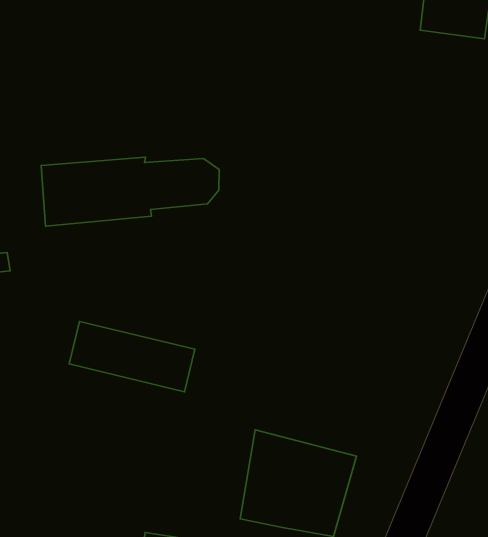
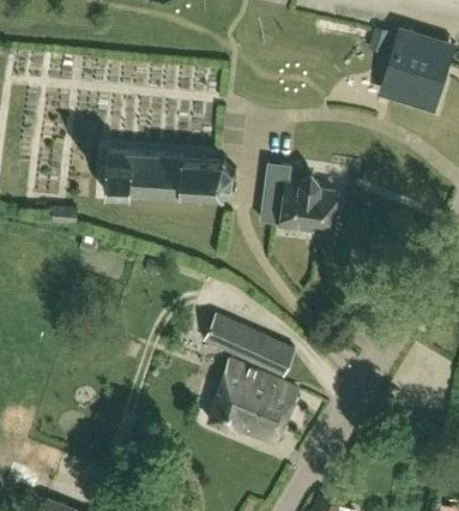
building: none -> [261,163,339,228]
building: [69,321,195,392] -> [205,315,295,377]

